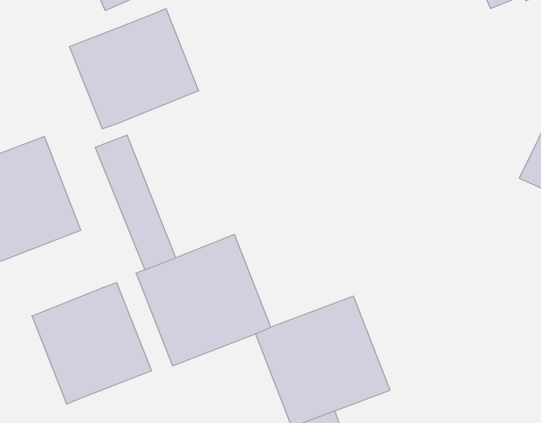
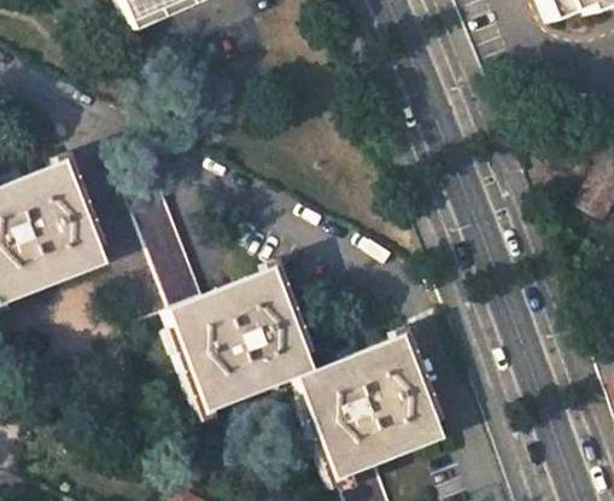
building: [70,9,199,129] -> none
building: [32,283,151,404] -> none

